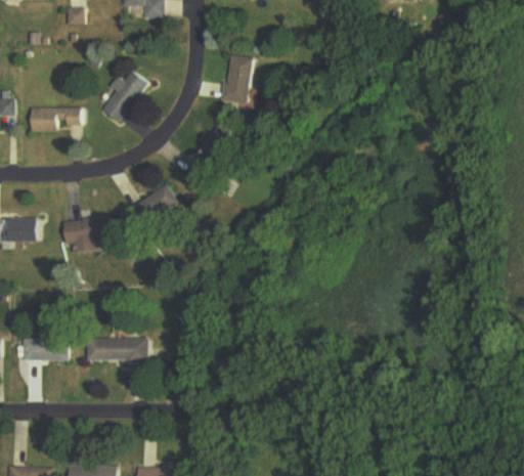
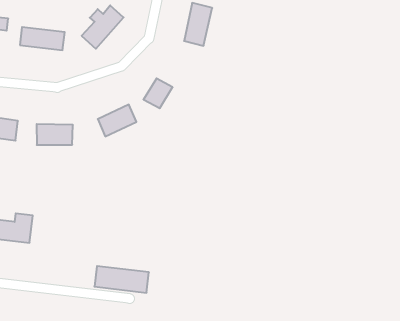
building: [86,337,148,361] -> [94,266,149,293]

